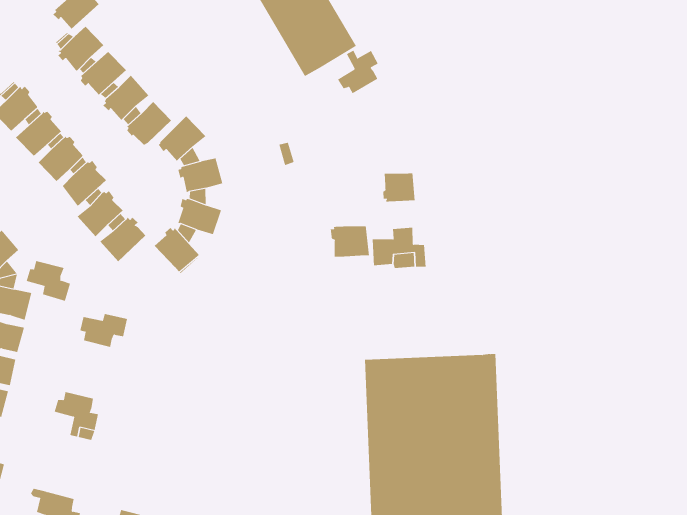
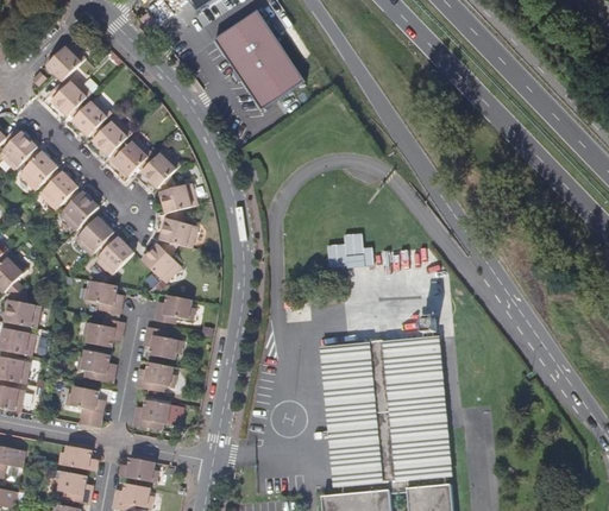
building: [337,50,379,94] -> none
building: [383,173,415,202] -> none
building: [330,225,369,258] -> none
building: [26,261,71,302] -> [83,280,121,314]
building: none -> [152,295,193,323]
building: none -> [143,327,181,358]
building: none -> [76,351,114,383]
building: none -> [134,362,175,392]
building: none -> [132,400,182,431]
building: none -> [58,446,96,471]
building: none -> [119,458,158,481]

